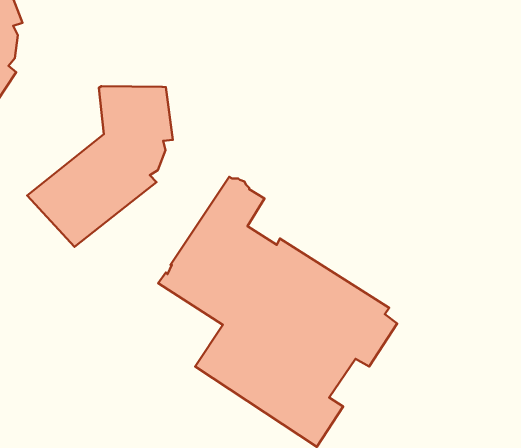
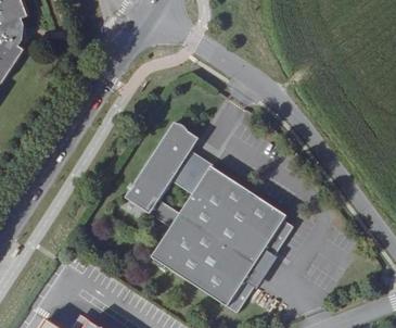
building: [27,86,173,247] -> none

